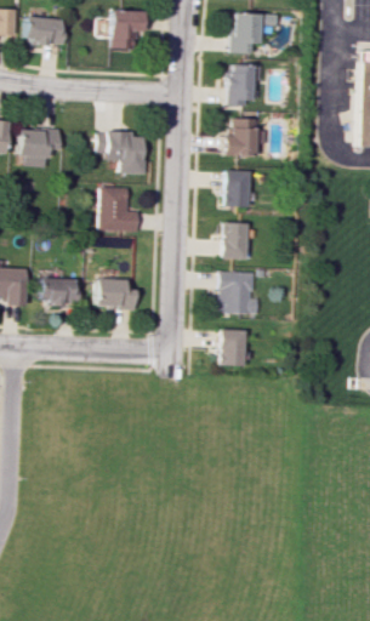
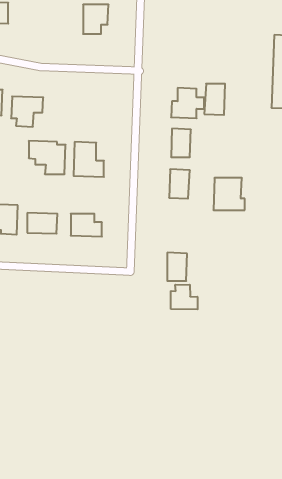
building: [234,13,280,53] -> none
building: [27,17,67,44] -> none
building: [229,64,256,104] -> [204,84,225,115]
building: [99,131,147,173] -> [29,141,66,174]
building: [221,272,261,313] -> [213,178,245,210]
building: none -> [171,285,198,309]

